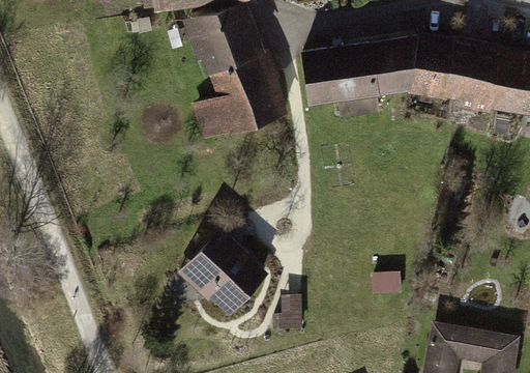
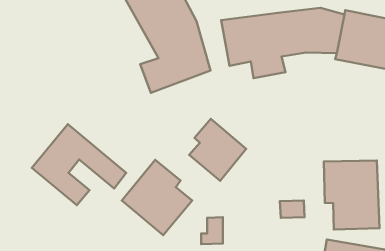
building: none -> [189,119,246,181]
building: none -> [32,124,126,205]
building: none -> [324,160,379,230]

